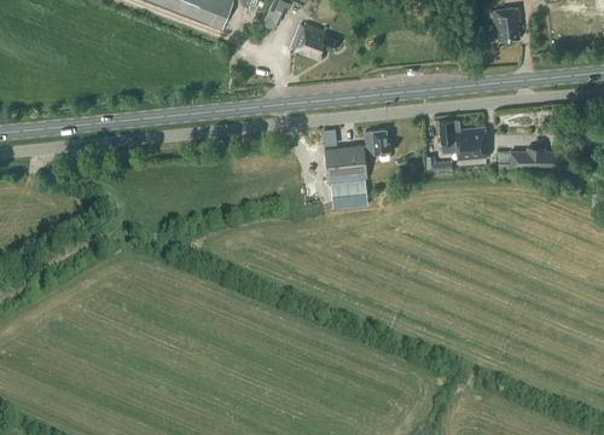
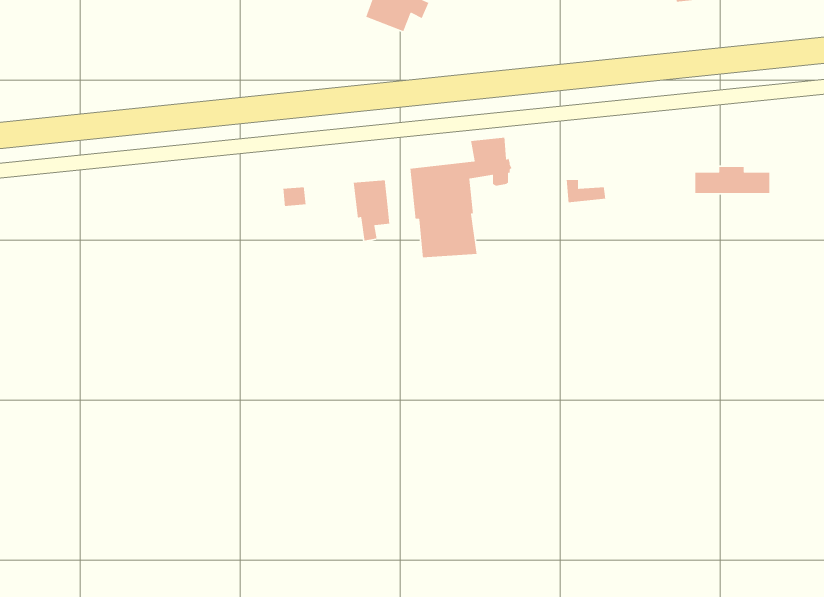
building: [437,120,487,159] -> none
building: none -> [353,180,390,241]

